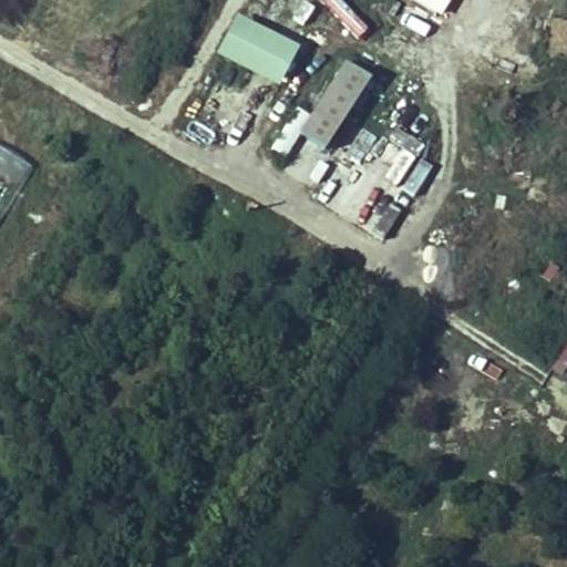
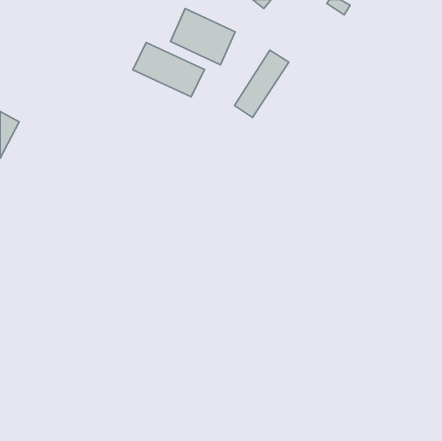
building: none -> [133,42,204,97]

